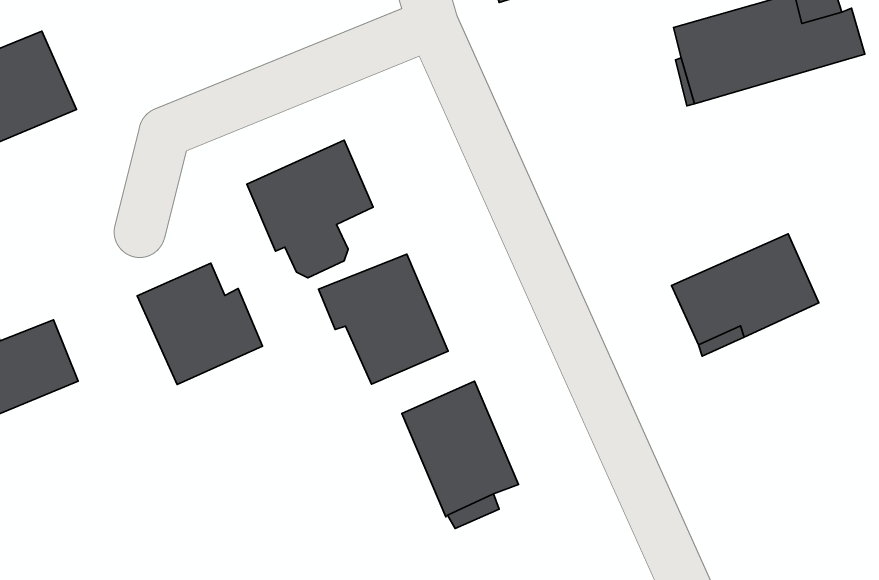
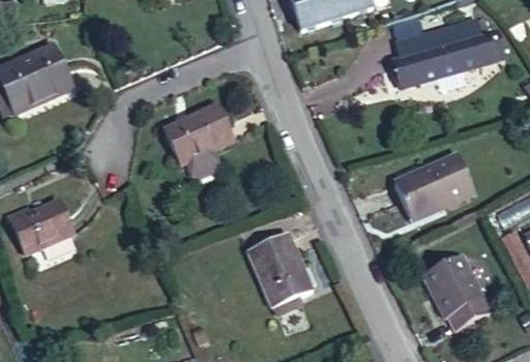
building: [318,254,448,384] -> none
building: [137,263,262,385] -> none
building: none -> [423,253,492,330]

